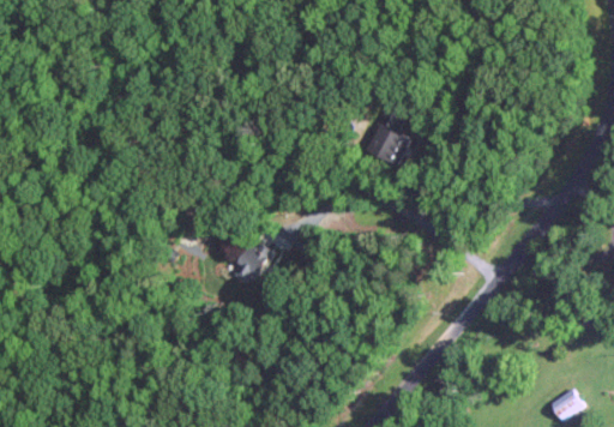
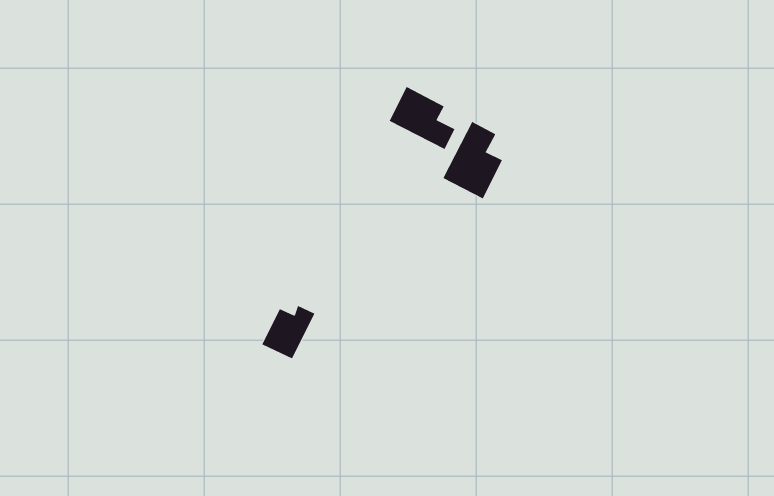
building: none -> [389,86,455,150]

